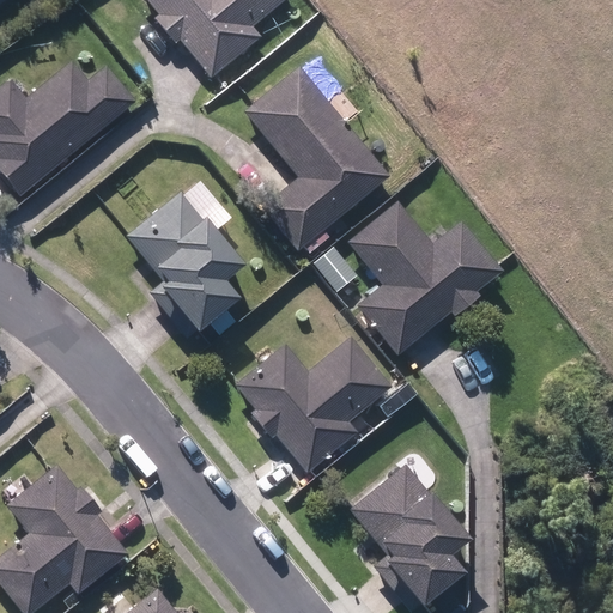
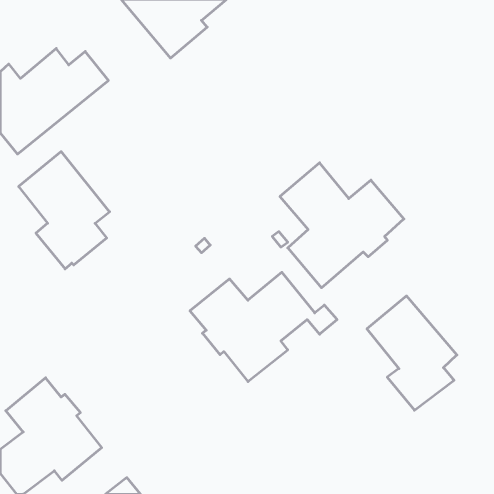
building: [244,68,388,251] -> none
building: [128,193,241,338] -> [19,152,110,269]
building: [356,462,467,603] -> [367,296,457,410]

